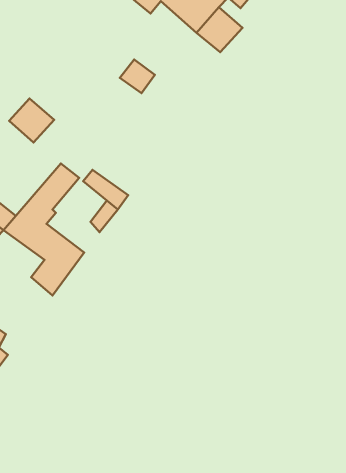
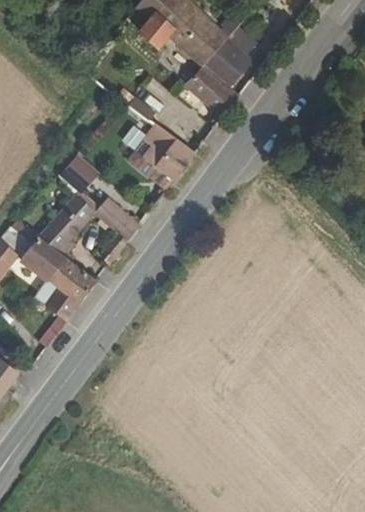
building: none -> [185,65,241,116]
building: none -> [129,122,196,189]
building: [9,98,54,142] -> [57,155,101,198]

